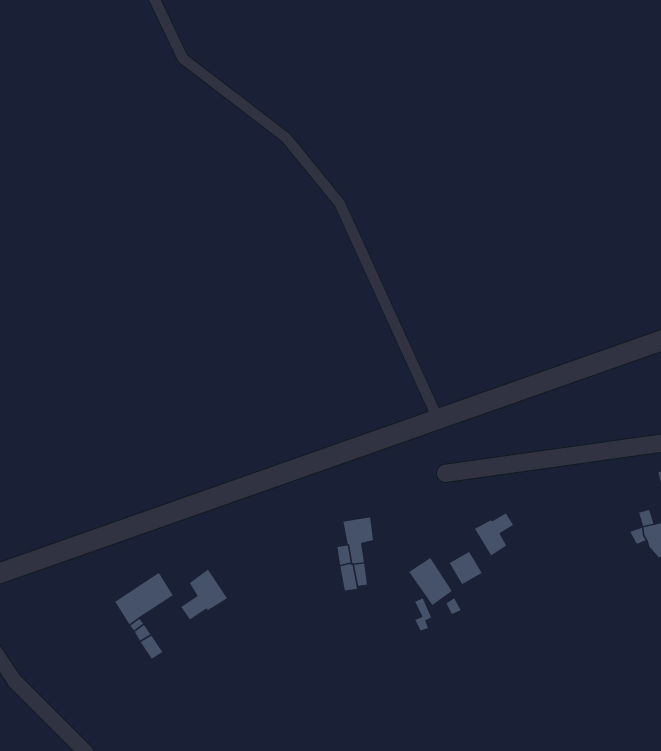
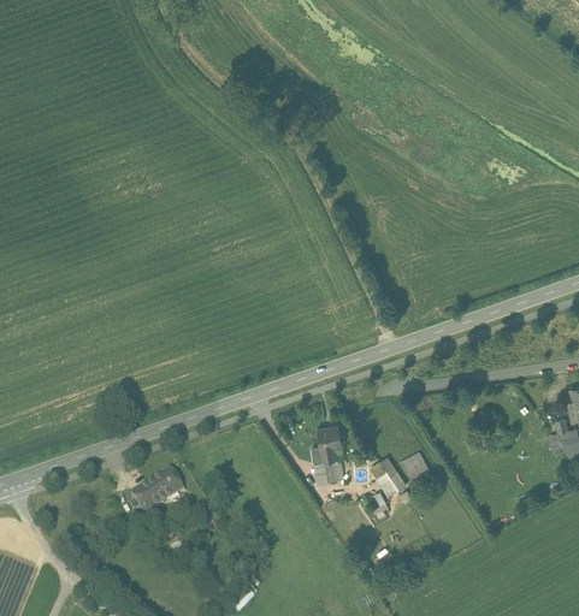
building: [474,512,514,557] -> none
building: [180,569,228,621] -> none

